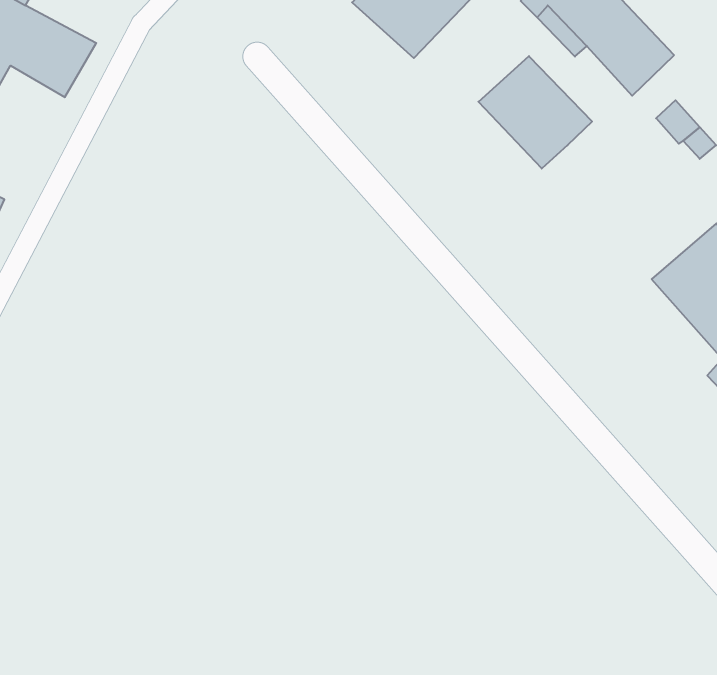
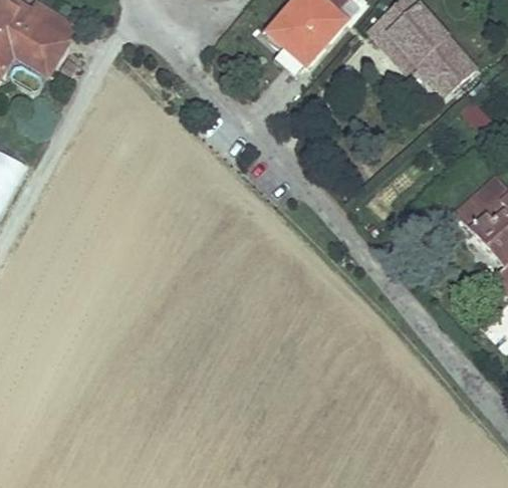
building: [478,56,592,169] -> none

